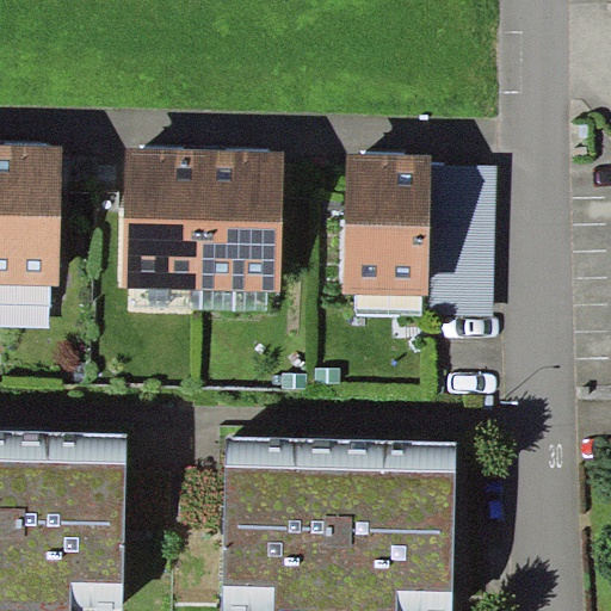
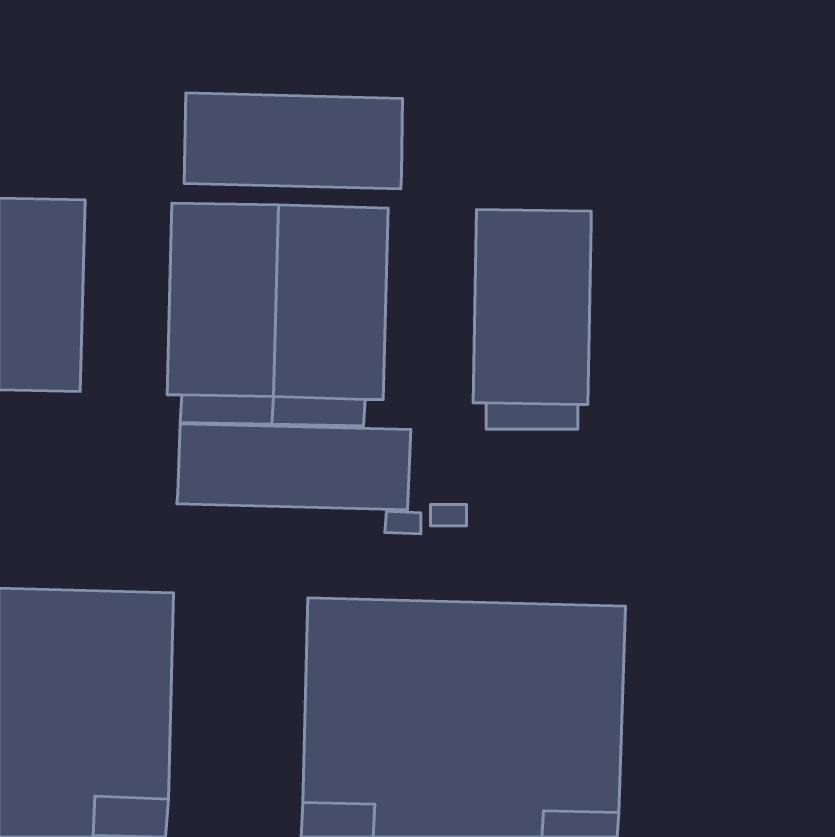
building: none -> [184,93,402,189]
building: [428,163,495,316] -> none
building: none -> [177,424,411,510]

